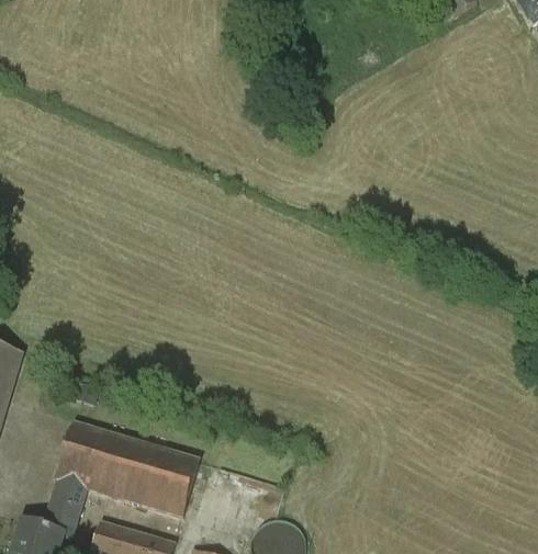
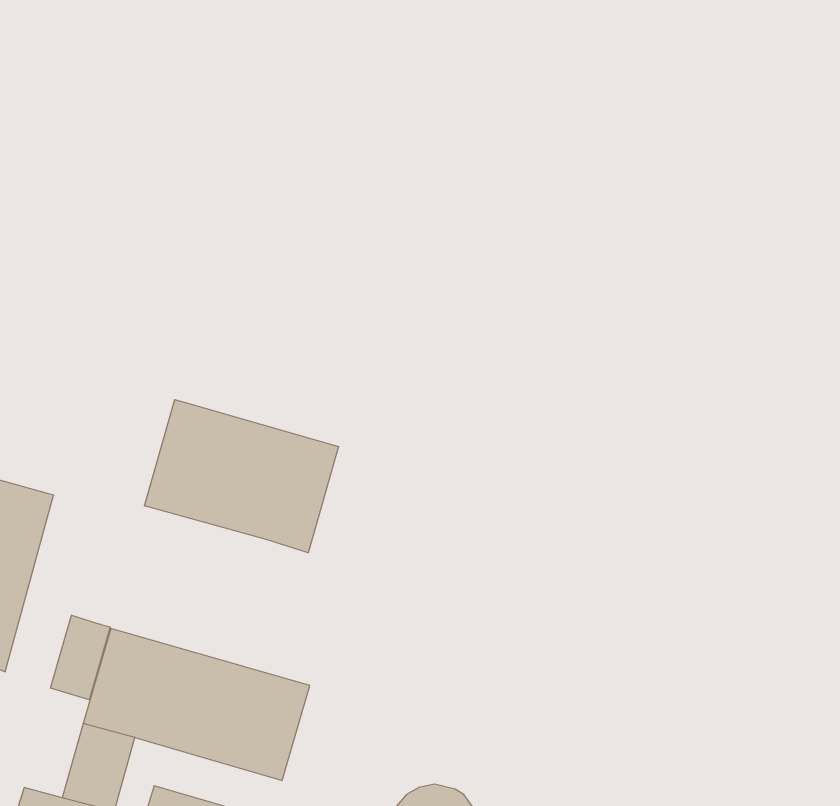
building: none -> [144,400,338,553]
building: none -> [50,615,110,700]

